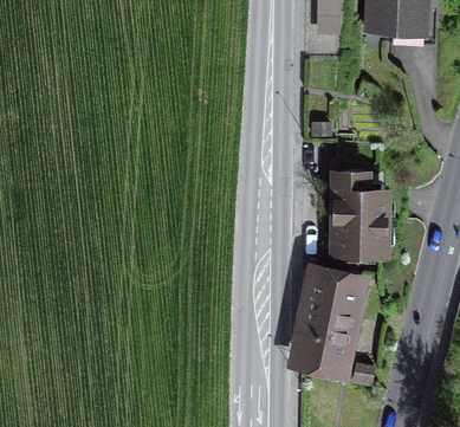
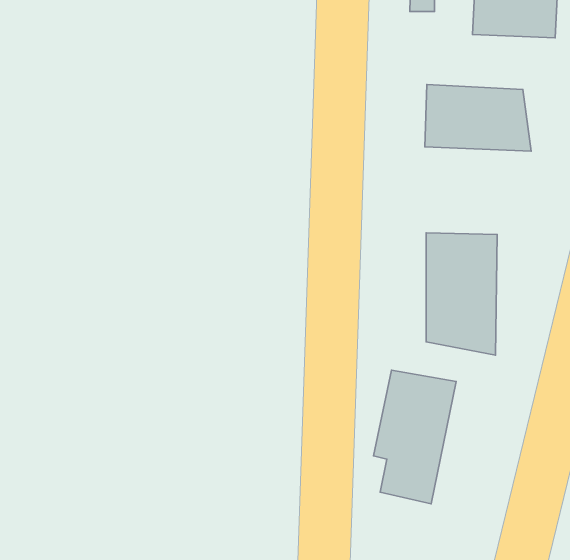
building: none -> [425,84,531,151]

